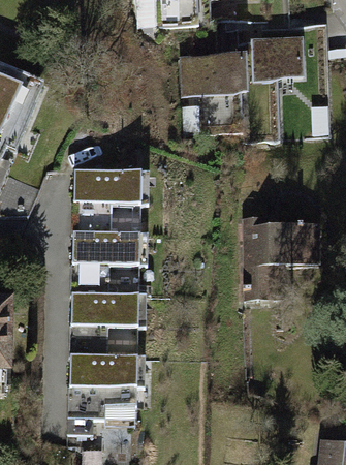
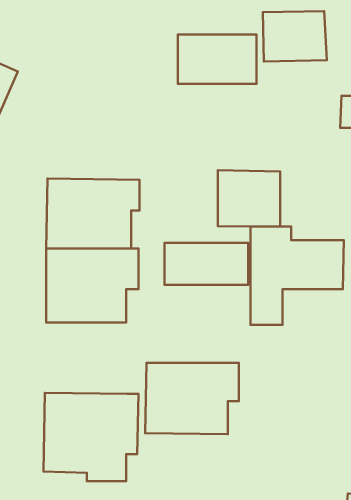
building: none -> [218,170,280,226]
building: none -> [164,243,248,285]
building: [67,293,146,353] -> [145,363,239,434]

